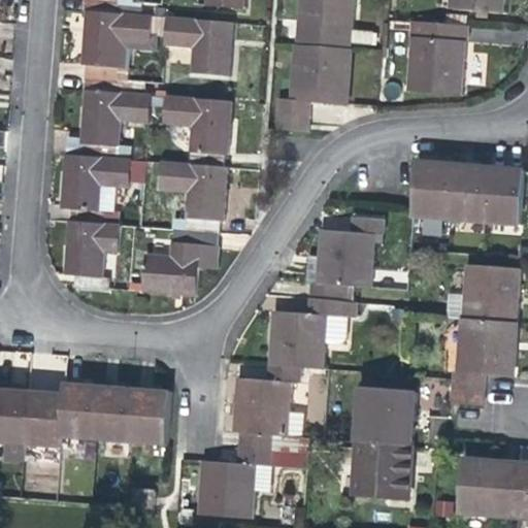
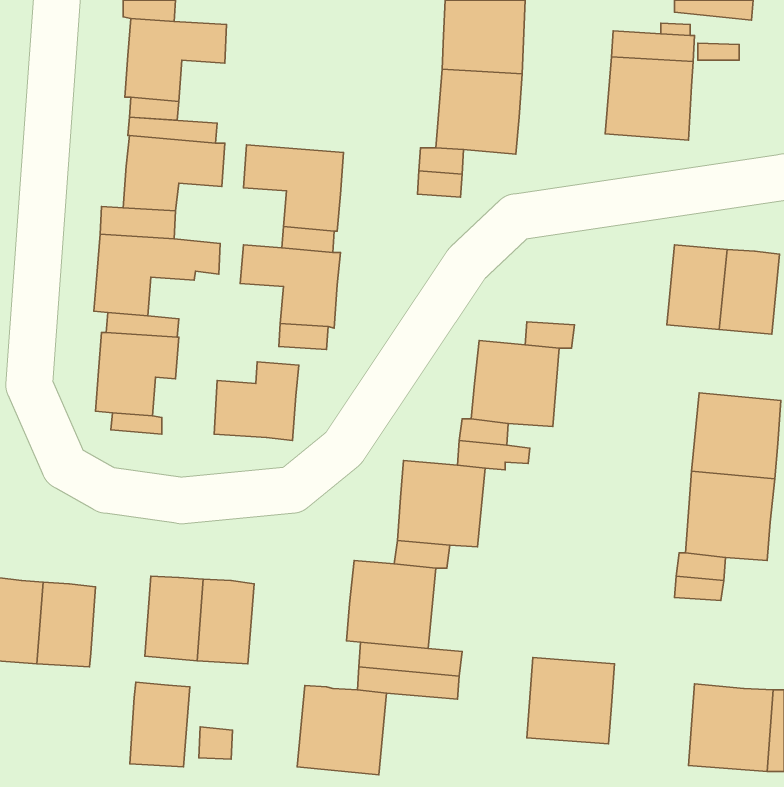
building: [164,19,230,76] -> none
building: [412,161,452,218] -> none
building: [172,231,219,267] -> none
building: [61,383,101,439] -> [130,682,190,767]
building: [357,389,416,444] -> none

